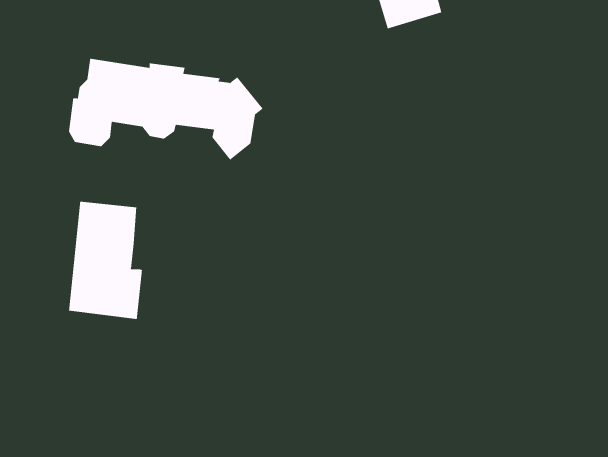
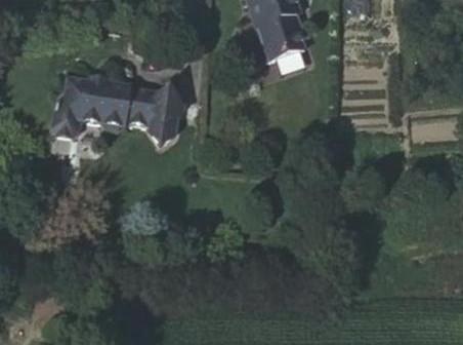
building: [69,201,143,320] -> none

